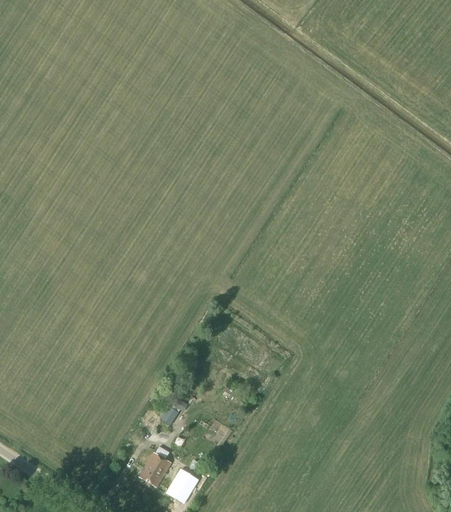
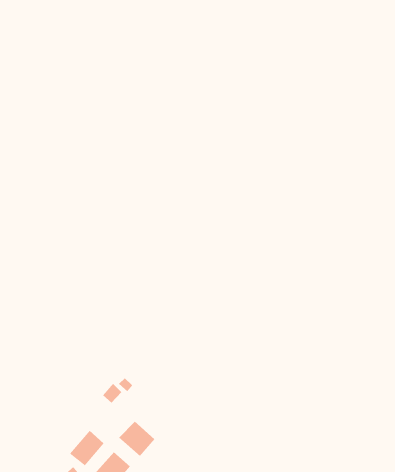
building: none -> [118,421,155,457]

